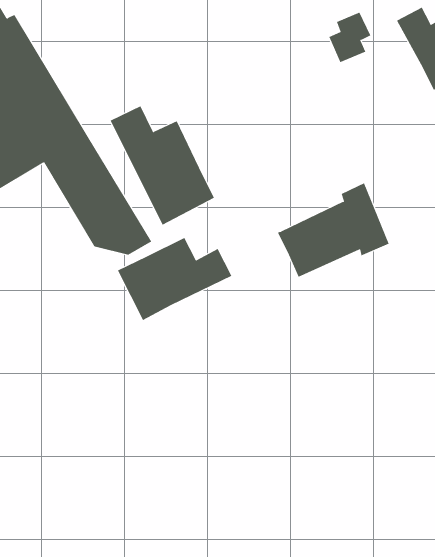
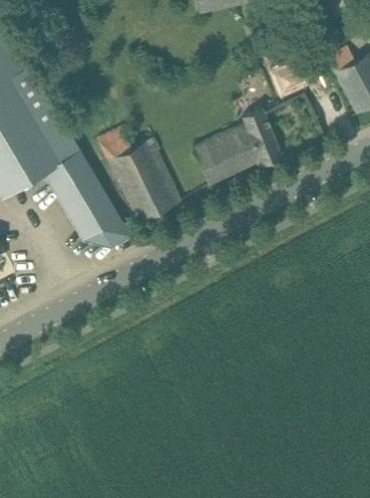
building: [277,183,390,277] -> [192,107,282,184]
building: [117,237,232,321] -> none

